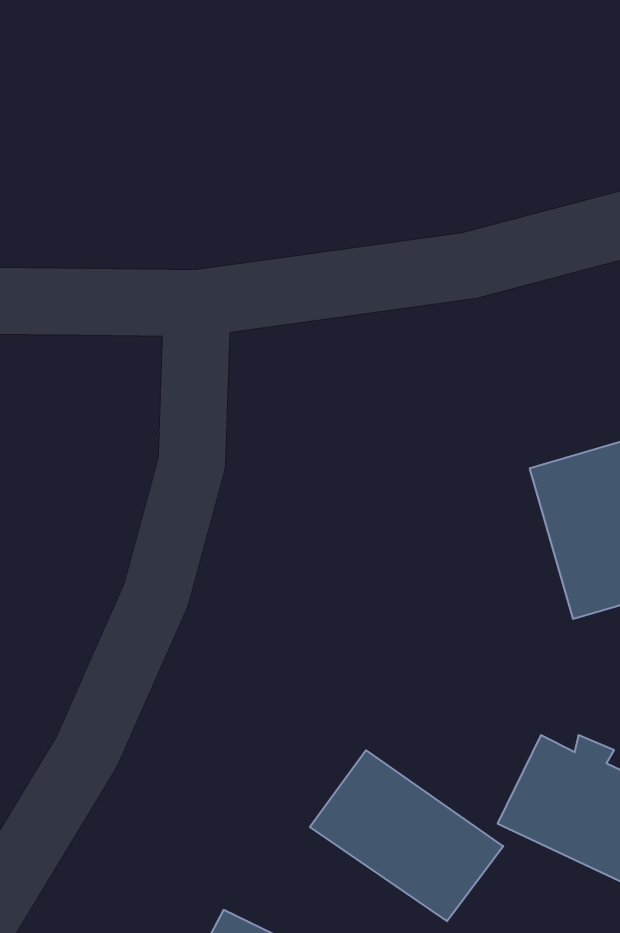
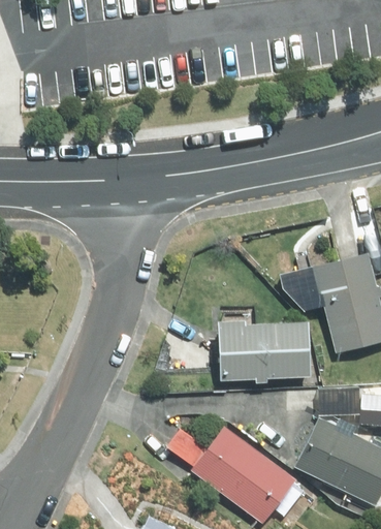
building: none -> [221,320,309,383]

